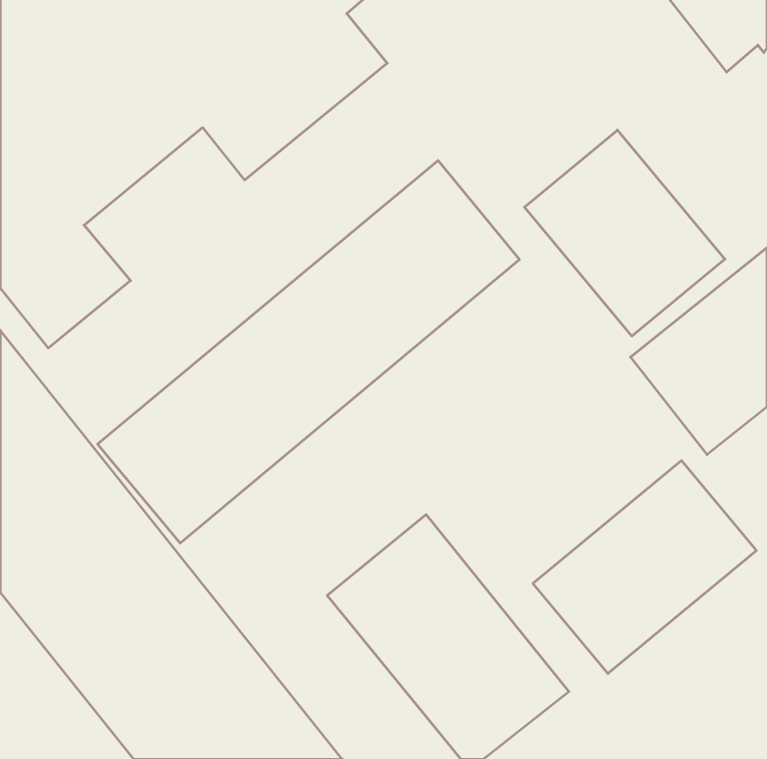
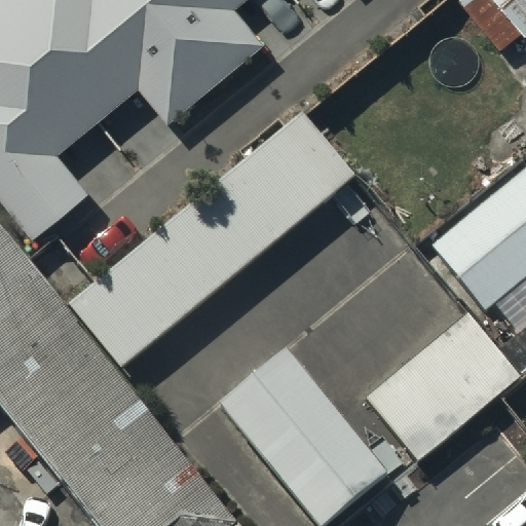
building: [524,130,725,336] -> none

